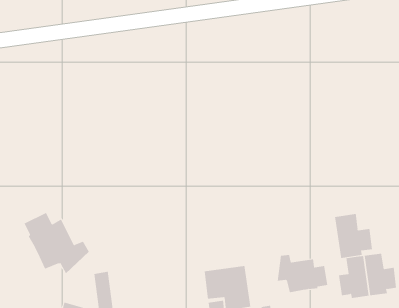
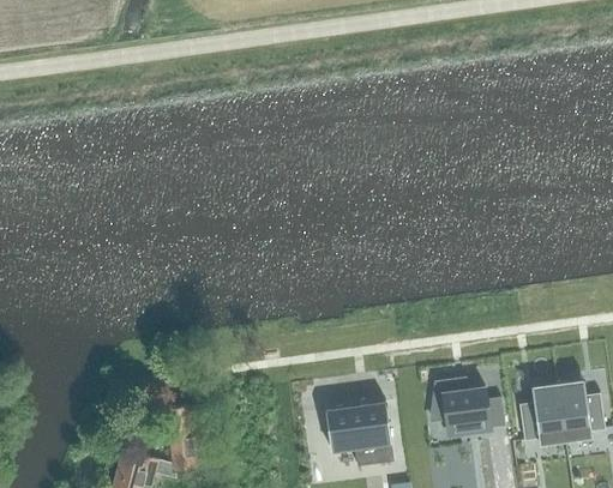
building: [24,212,90,274] -> none
building: [335,213,373,259] -> none

